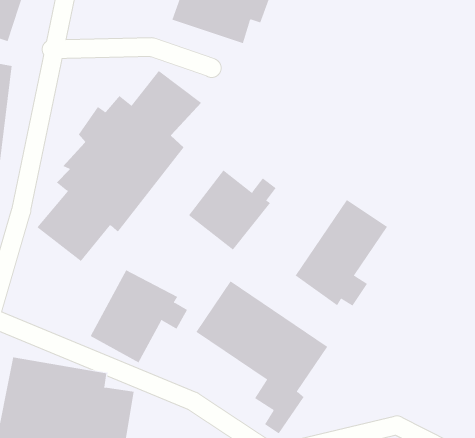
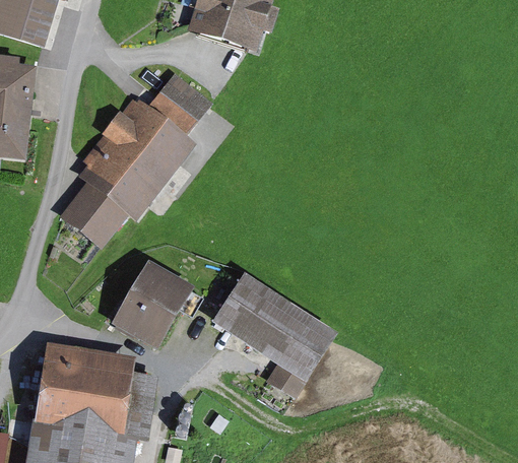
building: [188,170,276,251] -> none
building: [295,199,388,306] -> none

